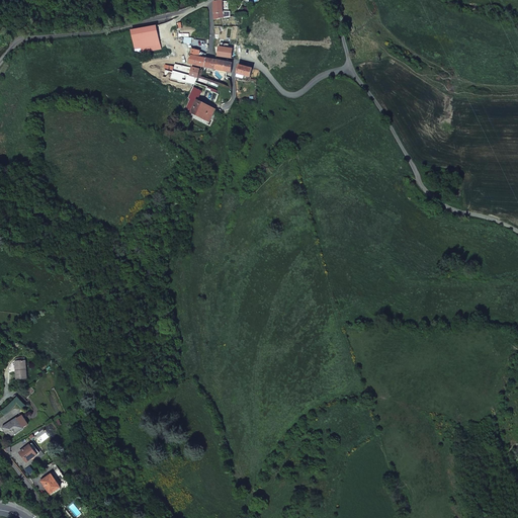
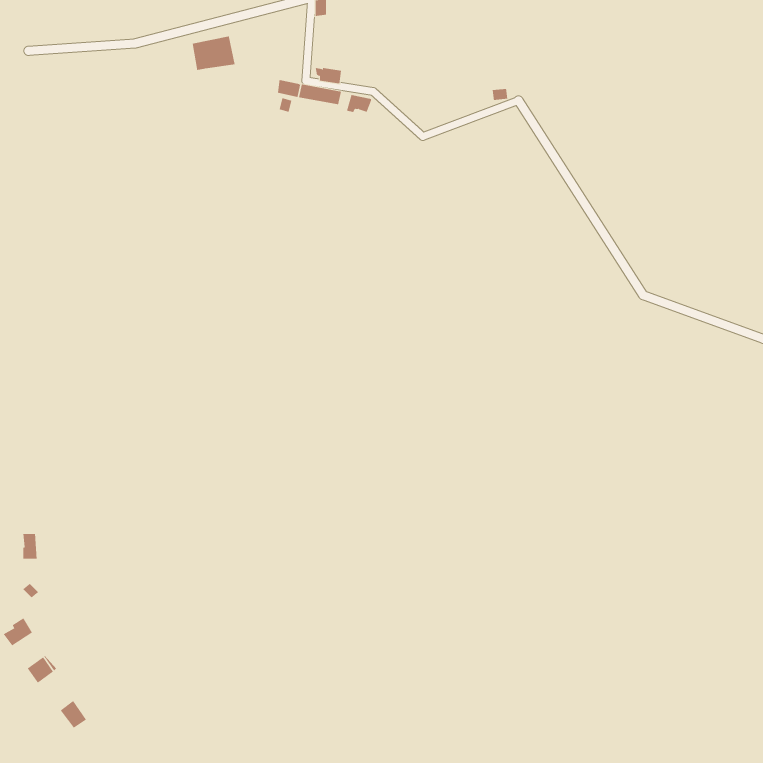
building: [184,85,211,120] -> none

